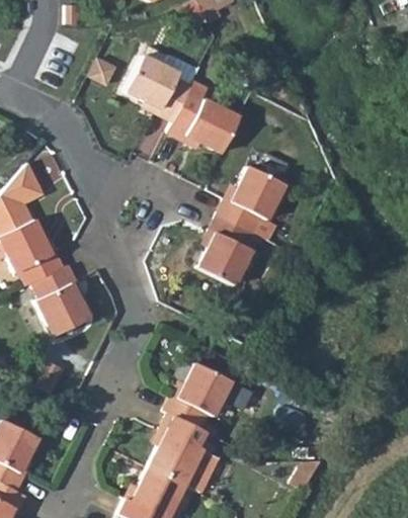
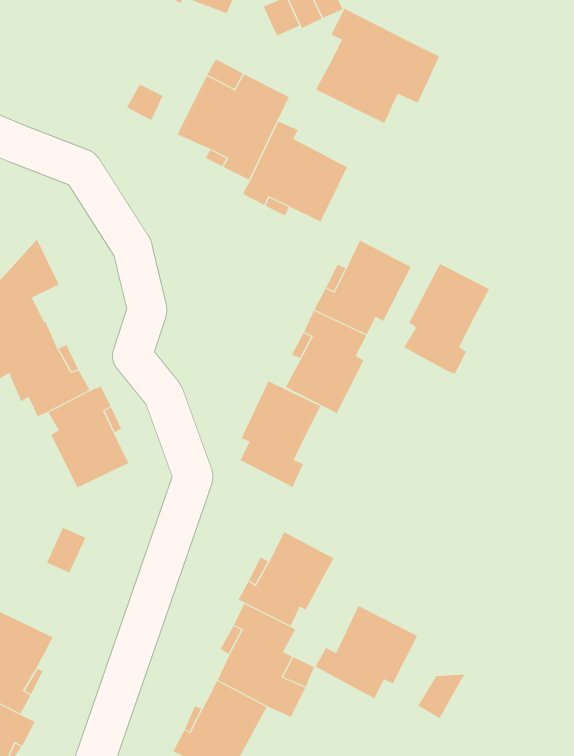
building: none -> [315,8,440,124]
building: none -> [404,263,490,375]
building: none -> [240,381,321,488]
building: none -> [315,605,418,699]

